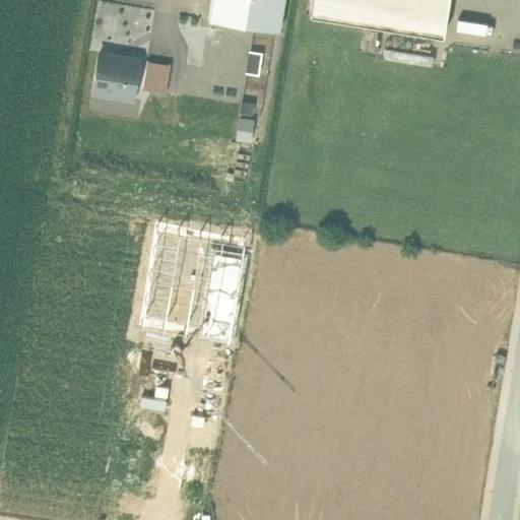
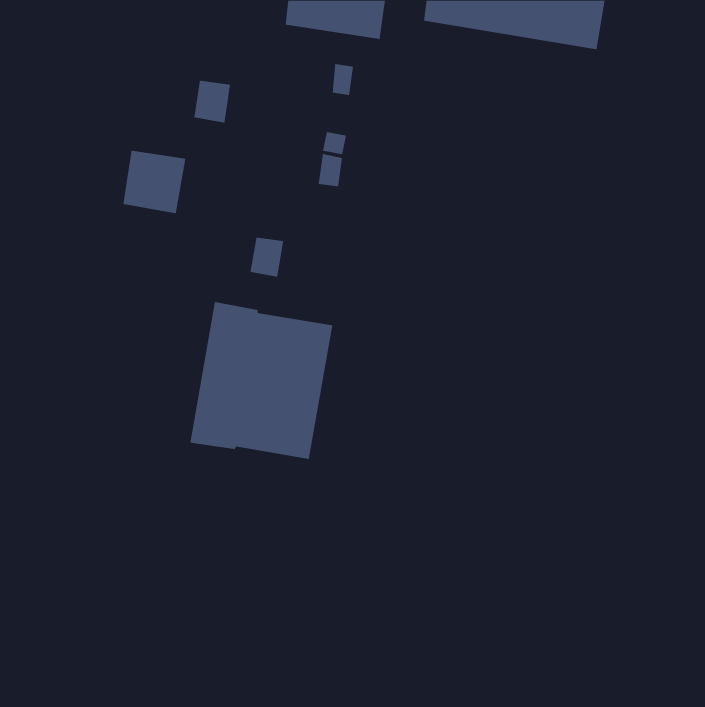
building: [93,51,140,98] -> [123,150,186,214]
building: none -> [250,237,284,278]

